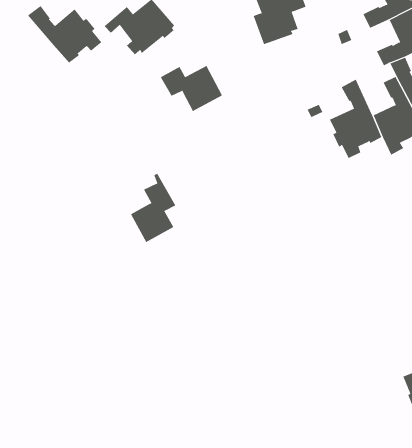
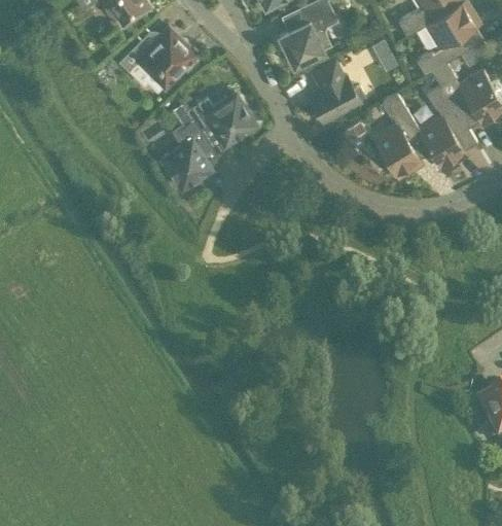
building: [27,5,102,63] -> none
building: none -> [311,61,365,120]
building: [130,173,176,243] -> [163,111,211,187]

